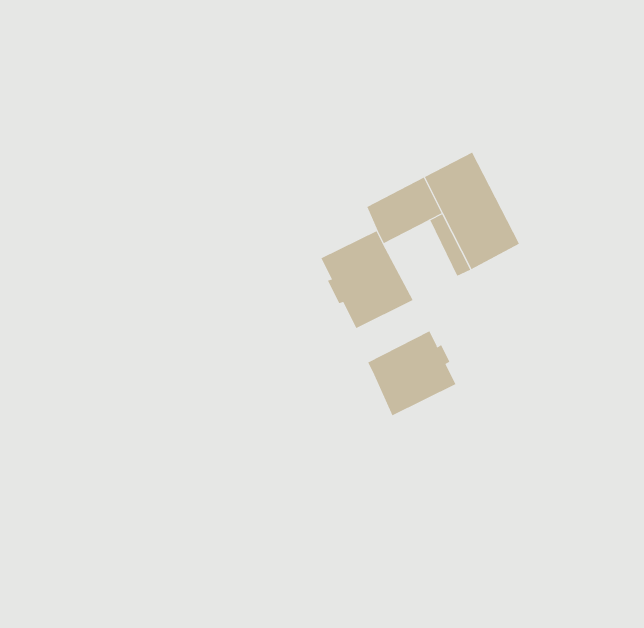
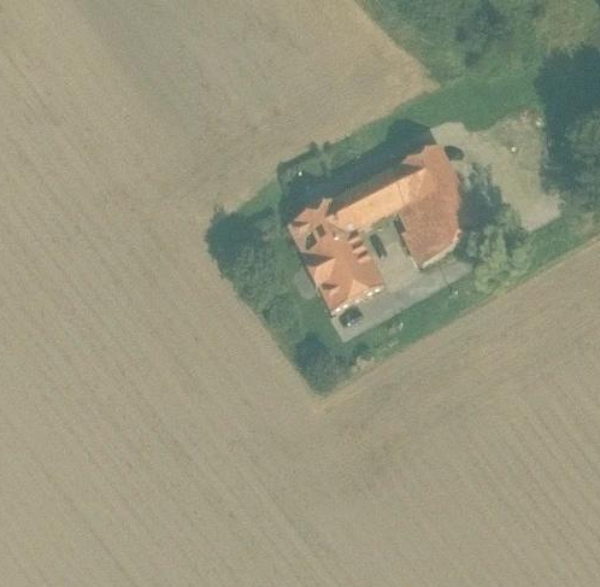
building: none -> [286,194,348,241]
building: [367,331,456,416] -> none

